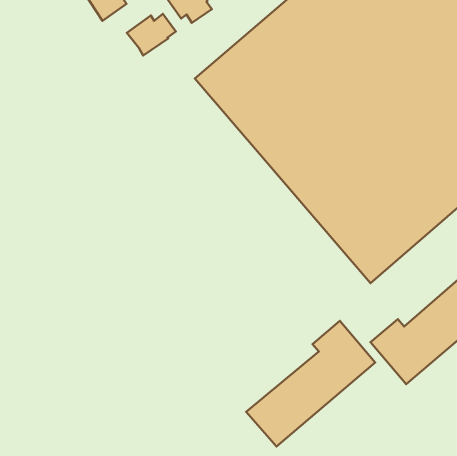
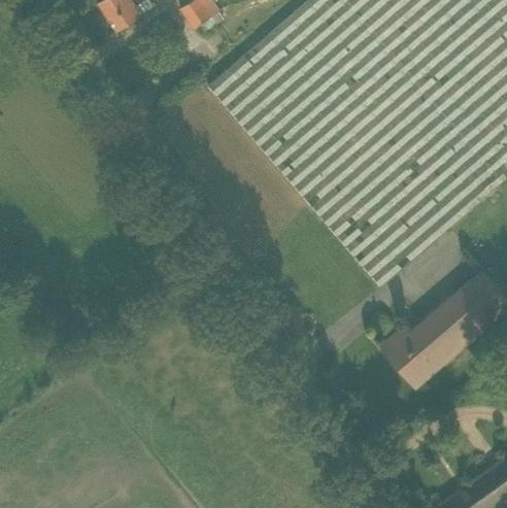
building: [127,14,176,55] -> none
building: [246,321,375,446] -> none

